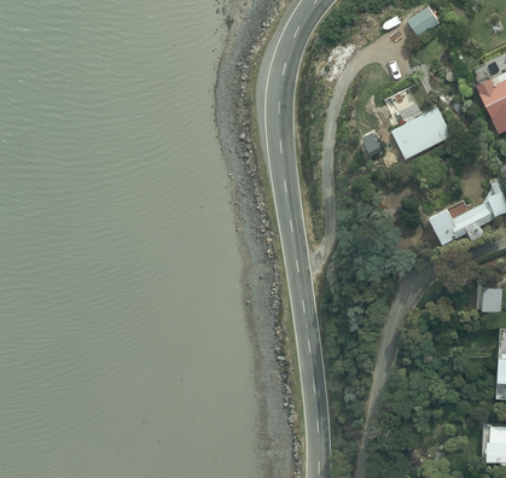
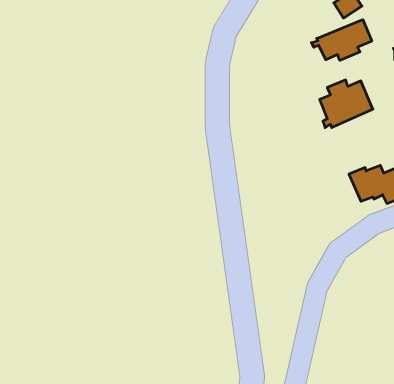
building: none -> [311,20,372,60]

